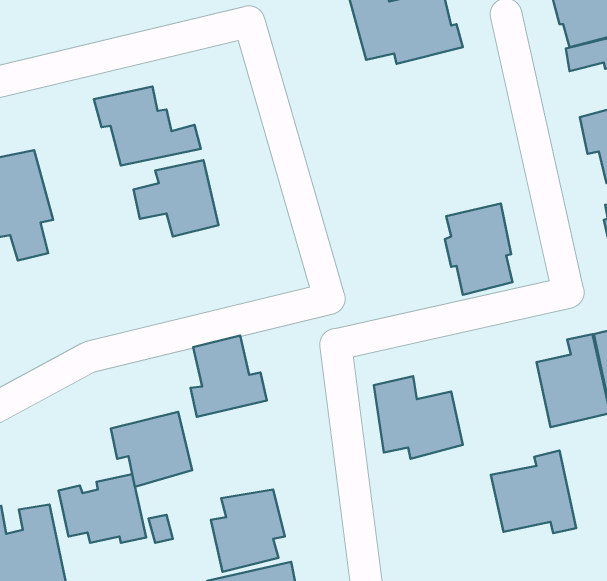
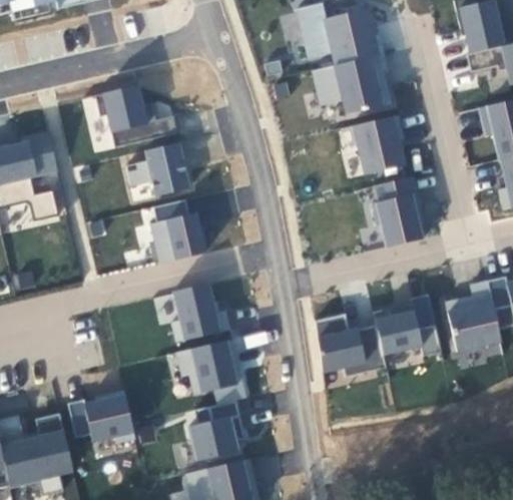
building: none -> [310,54,395,120]
building: none -> [349,115,405,175]
building: none -> [149,199,207,264]
building: [111,412,192,487] -> [174,339,238,398]
building: [491,451,576,533] -> [374,293,441,358]

